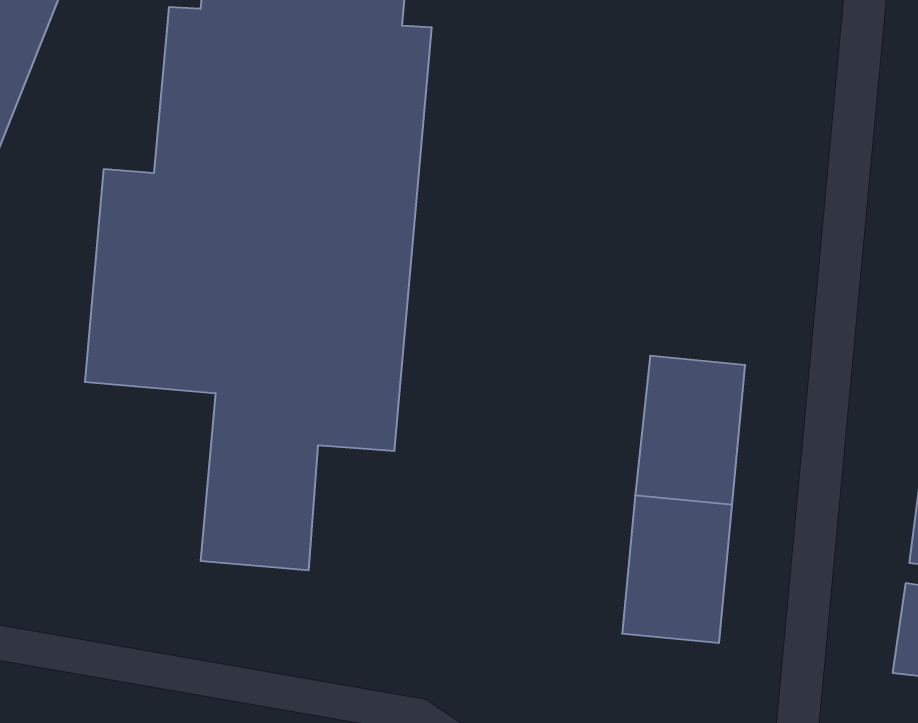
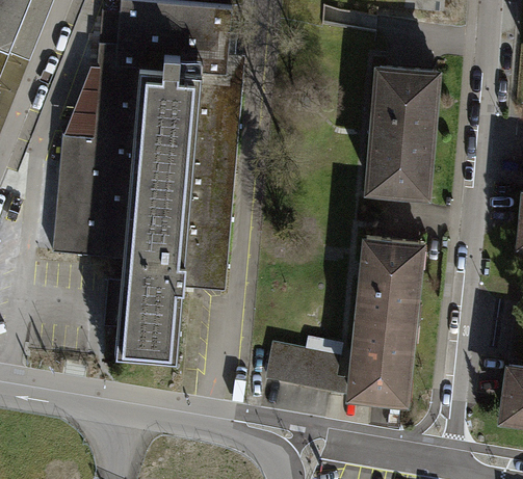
building: none -> [369,69,435,192]
building: none -> [265,344,339,390]

